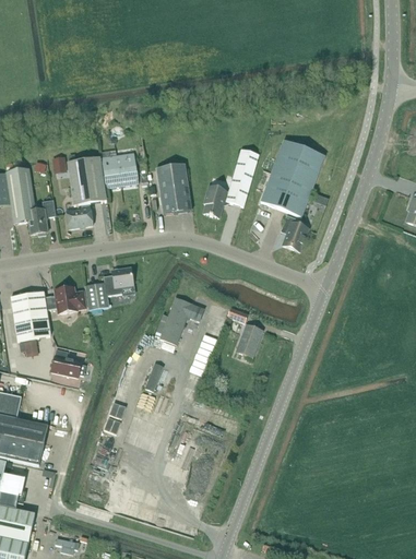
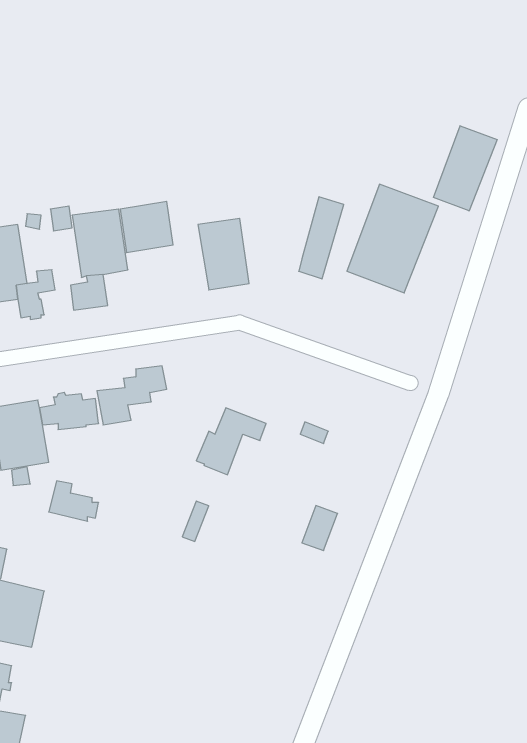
building: none -> [434,126,497,211]
building: [203,186,228,217] -> none
building: [280,215,308,251] -> none
building: [236,324,261,356] -> [302,506,338,551]

